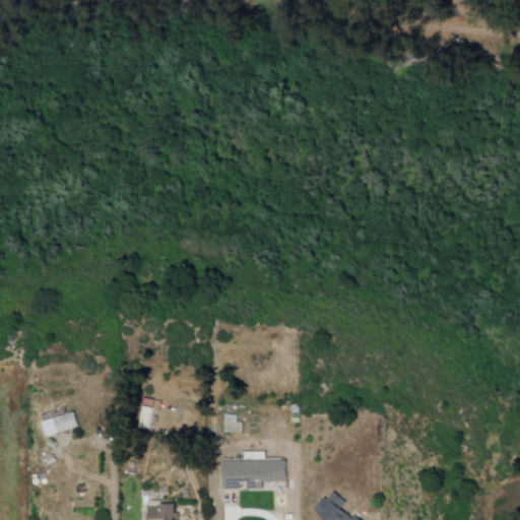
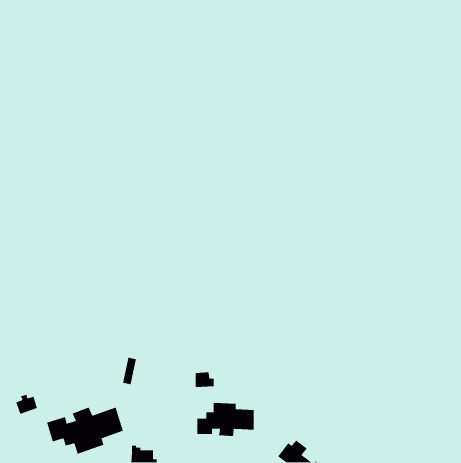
building: [51,410,76,434] -> [15,394,38,415]
building: none -> [46,407,124,455]

